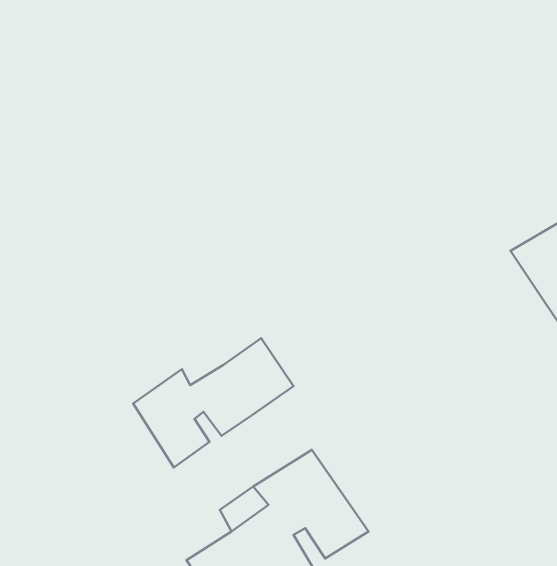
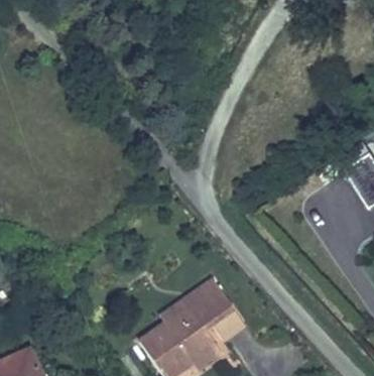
building: [133,338,294,467] -> none

